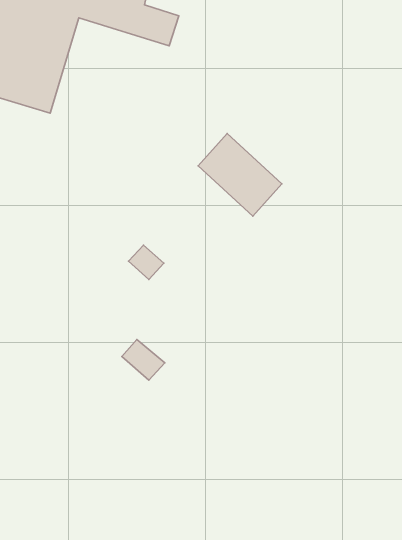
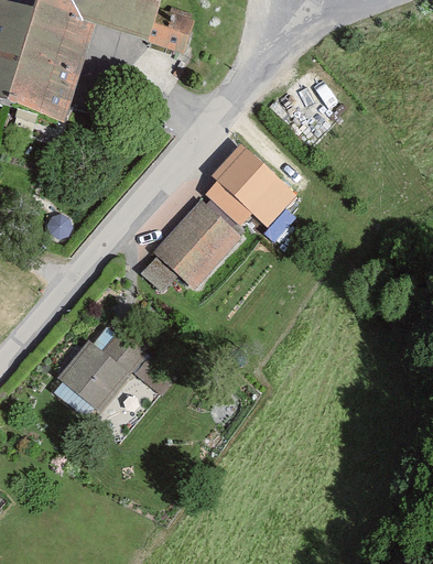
building: none -> [152,199,241,290]
building: none -> [56,329,145,412]

